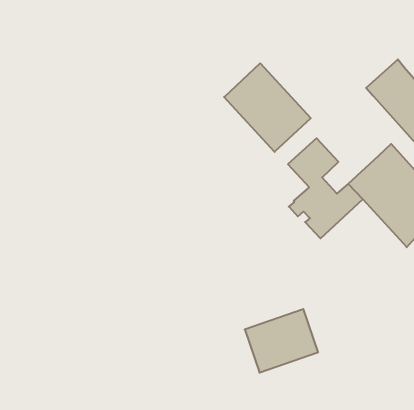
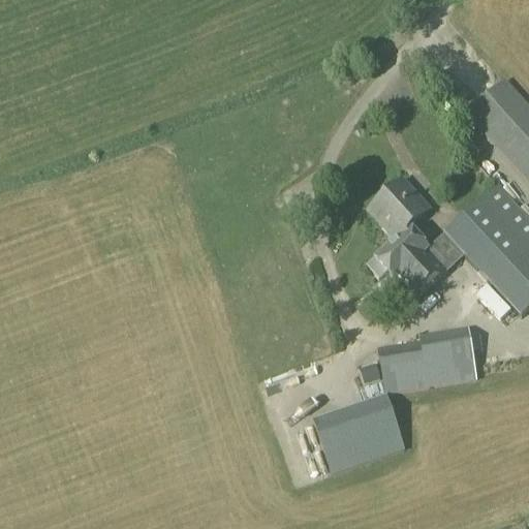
building: [224,63,311,152] -> none
building: none -> [378,323,478,393]

